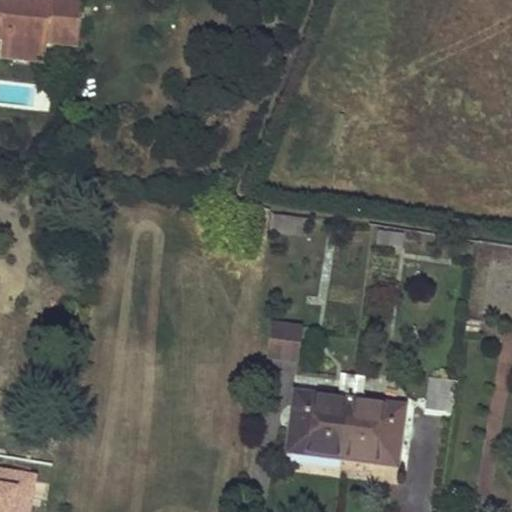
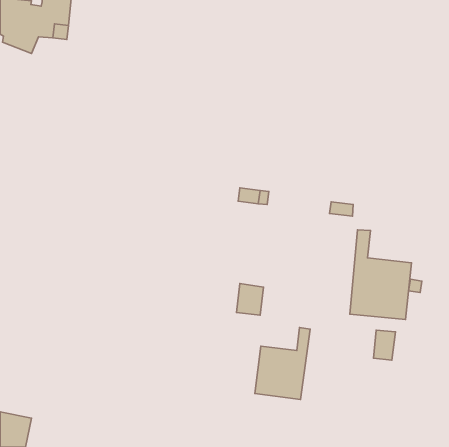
building: none -> [350,230,411,320]
building: [342,375,401,462] -> none

